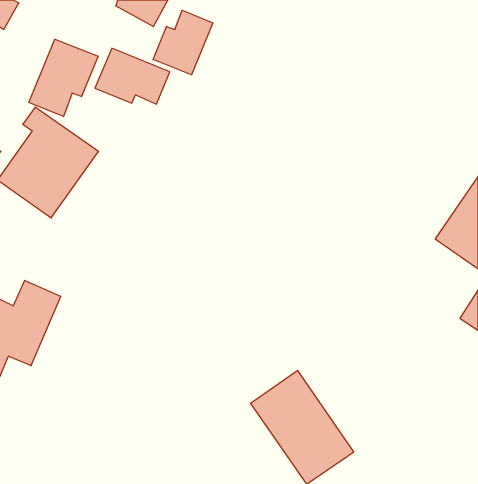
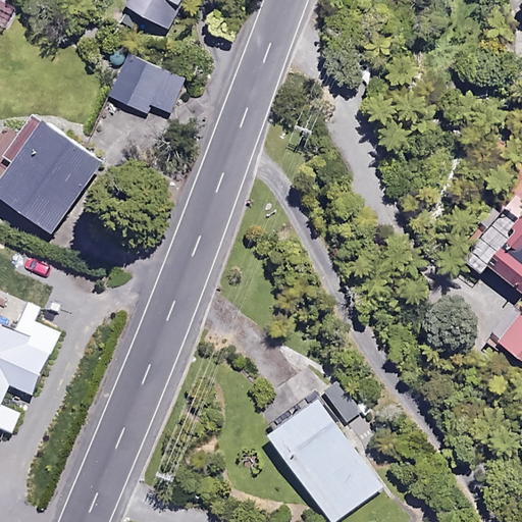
building: [153,10,213,75] -> none
building: [29,39,98,117] -> none

